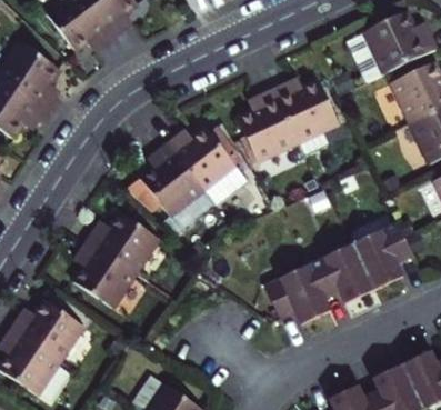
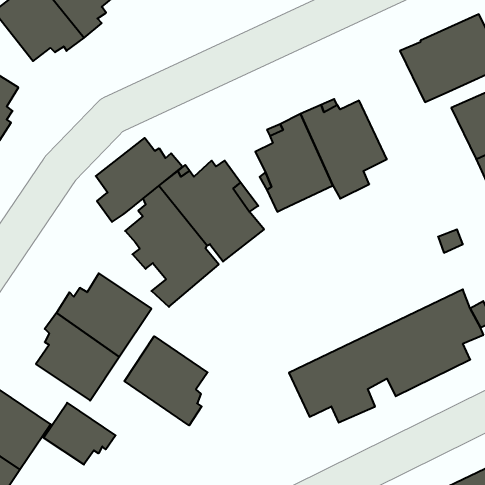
building: none -> [96,138,182,222]
building: none -> [124,336,208,425]
building: none -> [44,403,116,465]

